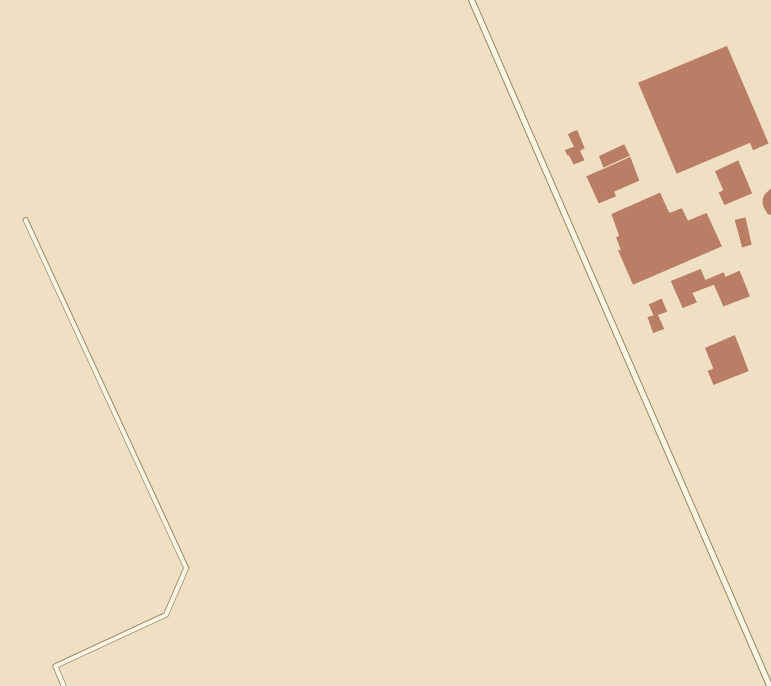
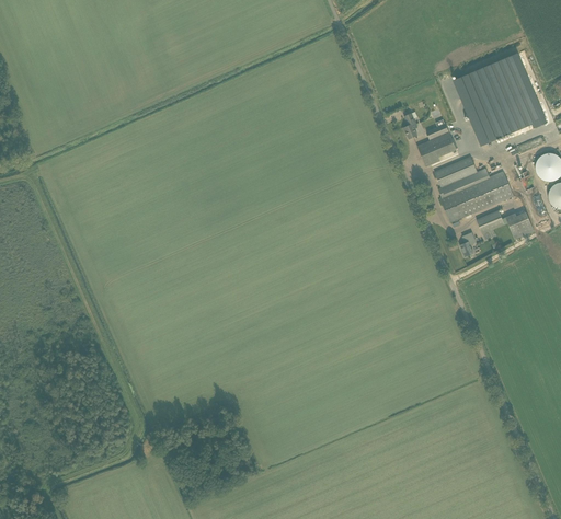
building: [714,159,753,206] -> none
building: [704,334,749,386] -> none

